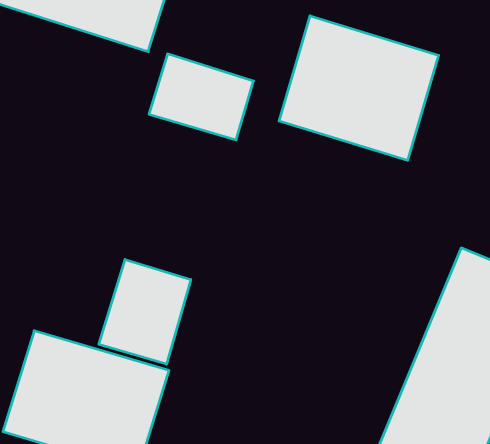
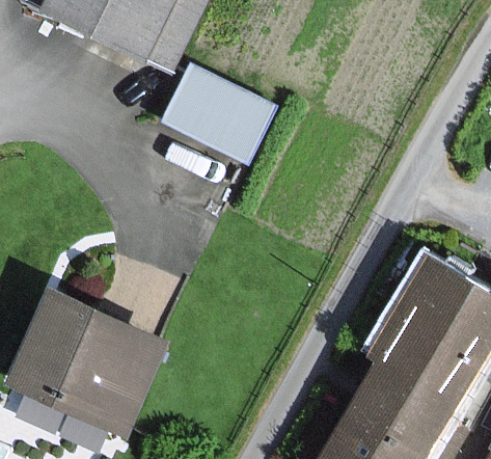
building: [279,16,439,160] -> none
building: [99,259,191,364] -> none

